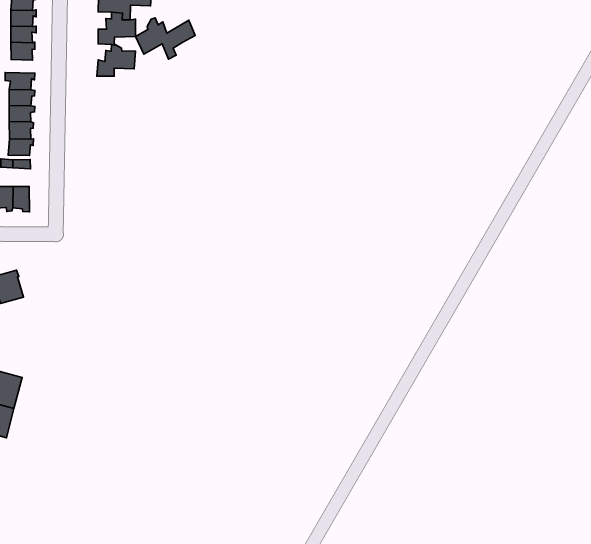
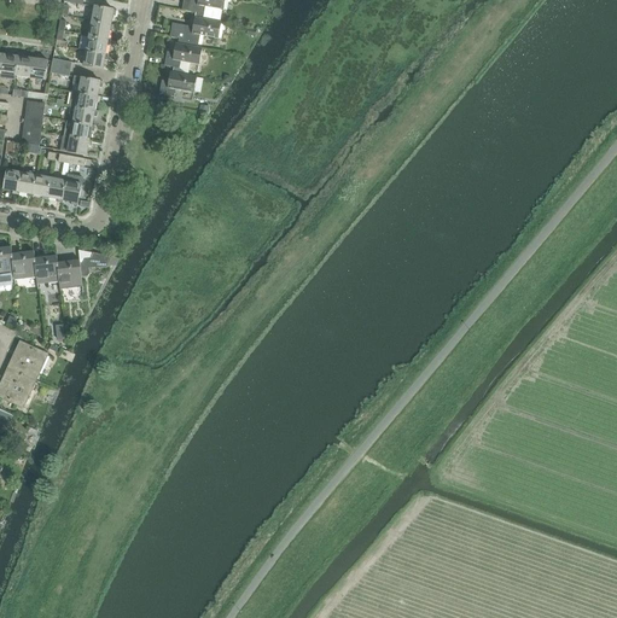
building: [136,18,195,59] -> none
building: none -> [57,252,110,287]

